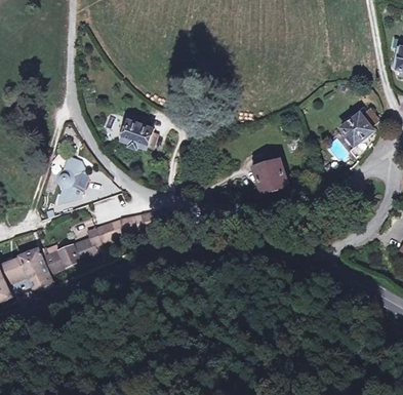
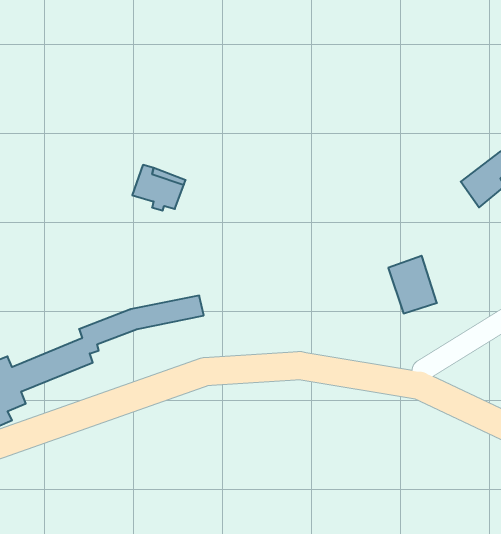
building: [54,158,87,204] -> none
building: [249,158,282,197] -> [388,256,437,313]

